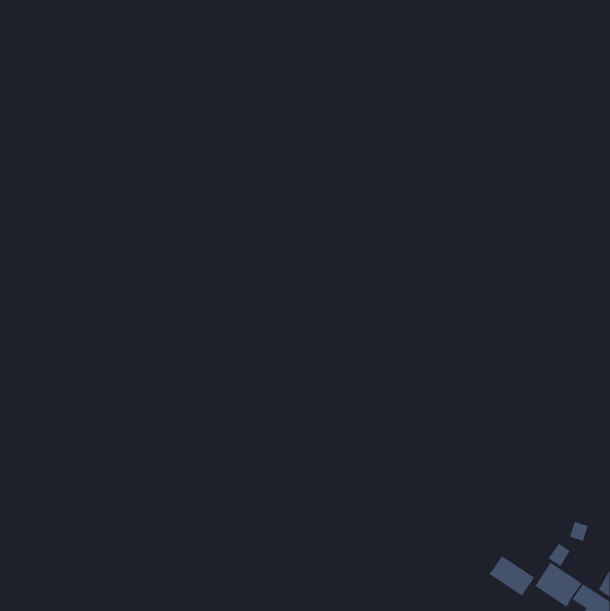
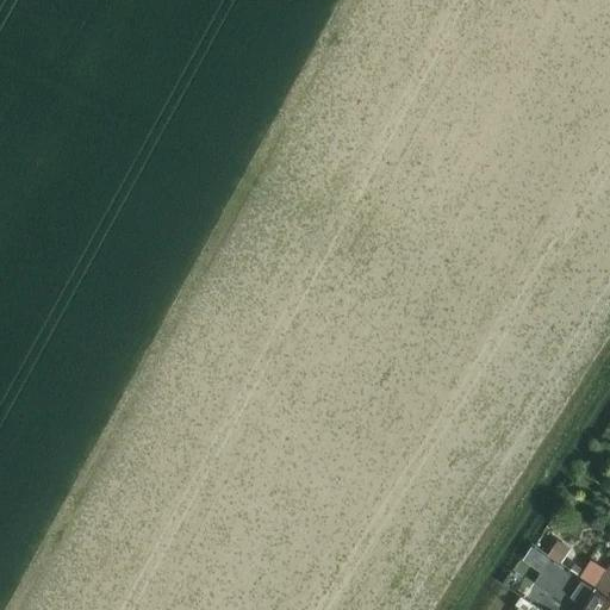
building: [489,555,535,596] -> none

